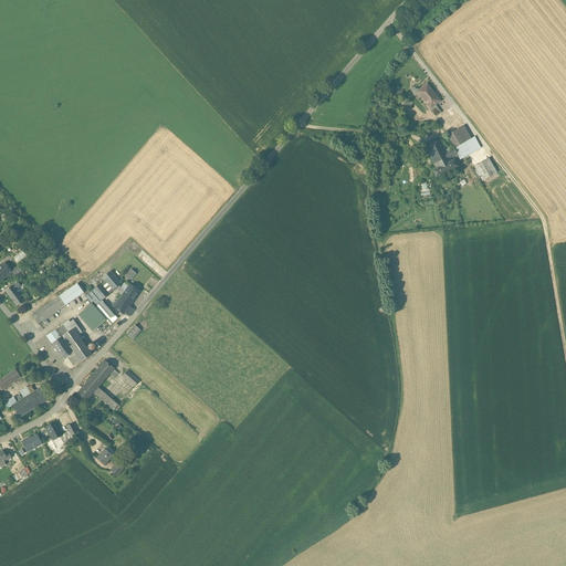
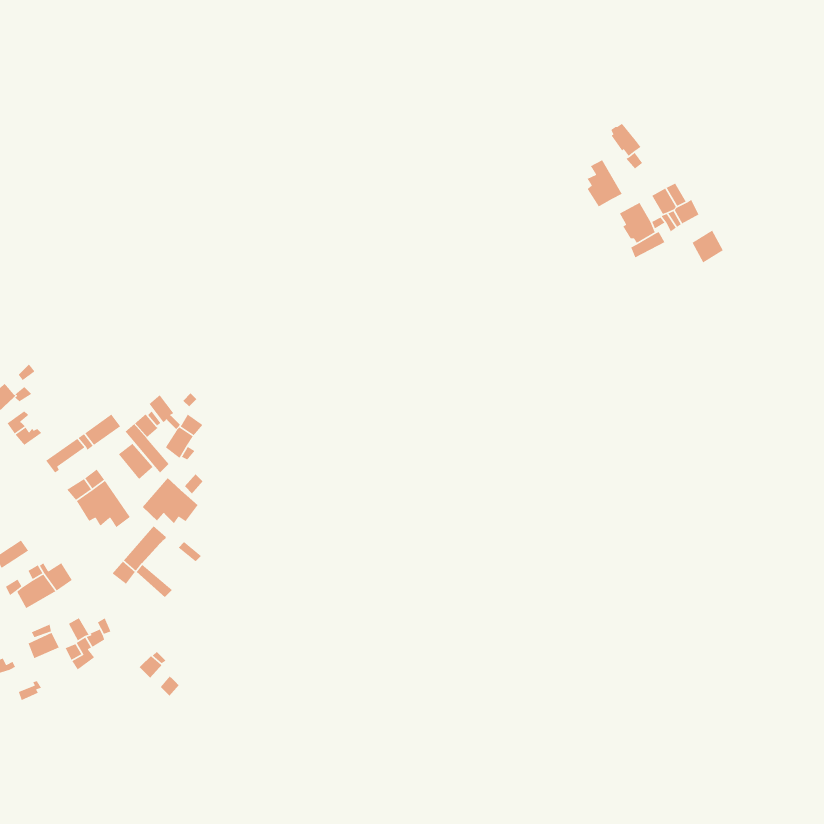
building: none -> [586,159,623,207]
building: none -> [142,477,199,524]

